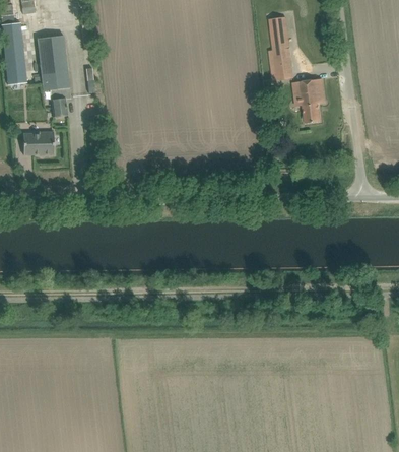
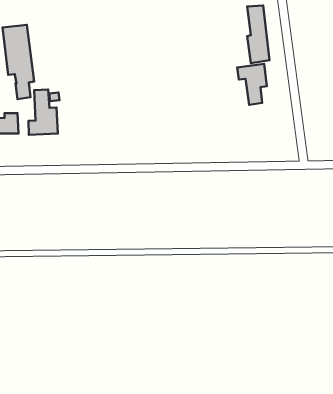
building: [270,17,294,80] -> [247,5,270,63]
building: none -> [29,89,58,135]

